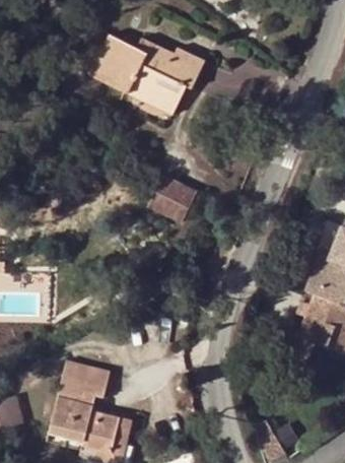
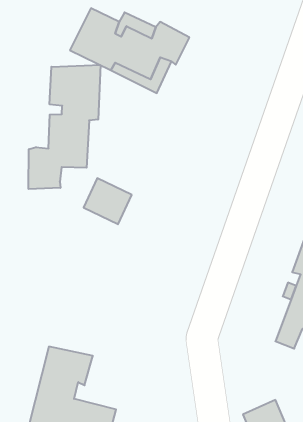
building: none -> [29,65,100,189]
building: [149,177,196,221] -> [84,178,132,224]

